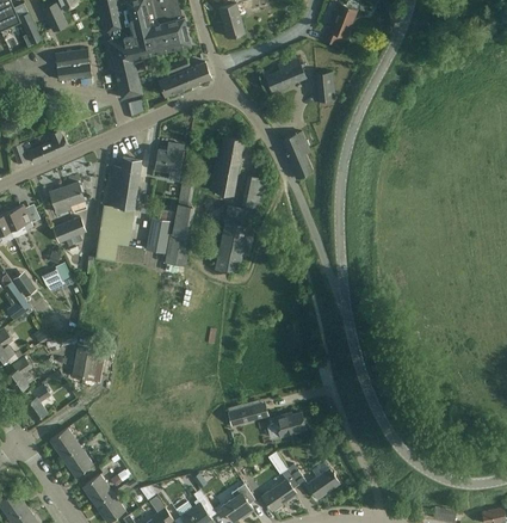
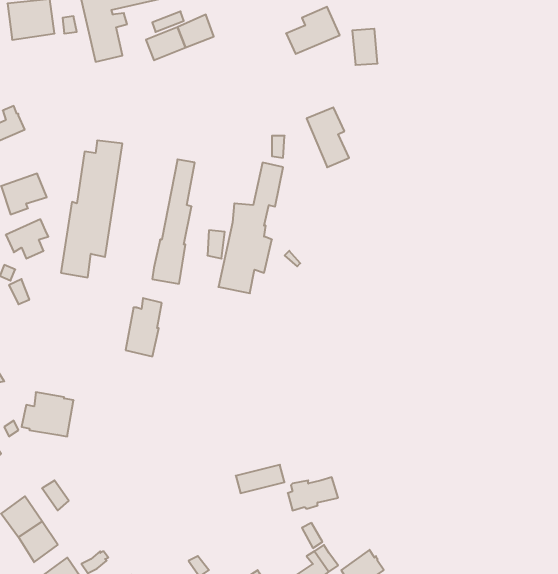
building: [209,136,242,195] -> none
building: [154,143,181,181] -> none
building: [144,210,172,254] -> [126,298,162,356]

